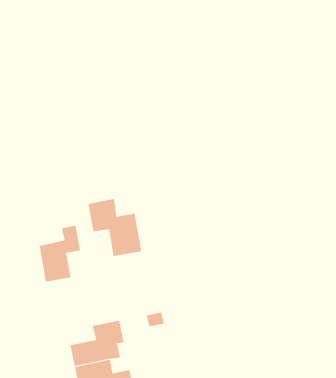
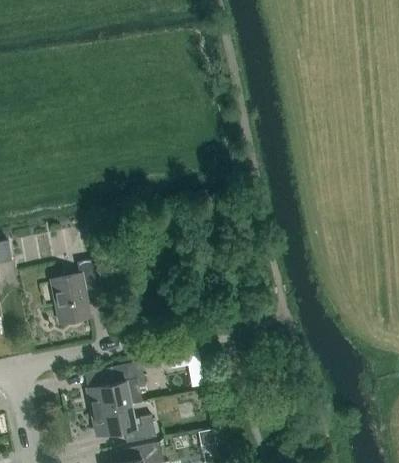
building: [88,198,142,257] -> none

